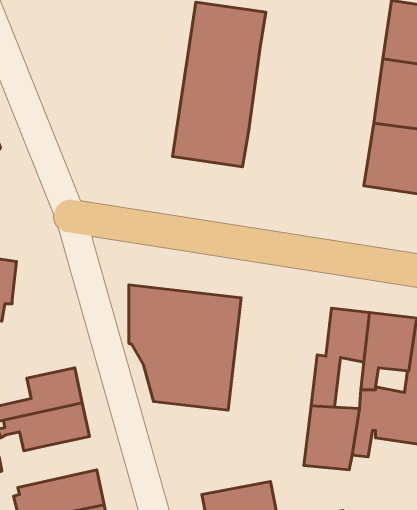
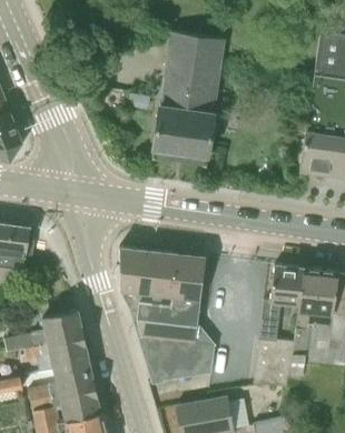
building: none -> [139,335,215,383]
building: none -> [29,362,96,401]

